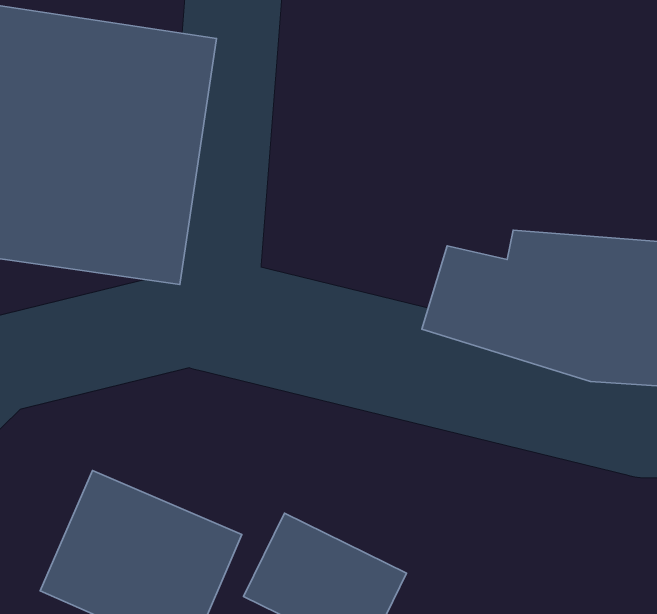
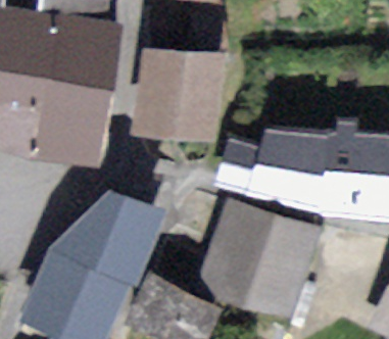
building: none -> [143,51,217,134]
building: none -> [51,191,162,288]
building: none -> [201,202,315,309]

